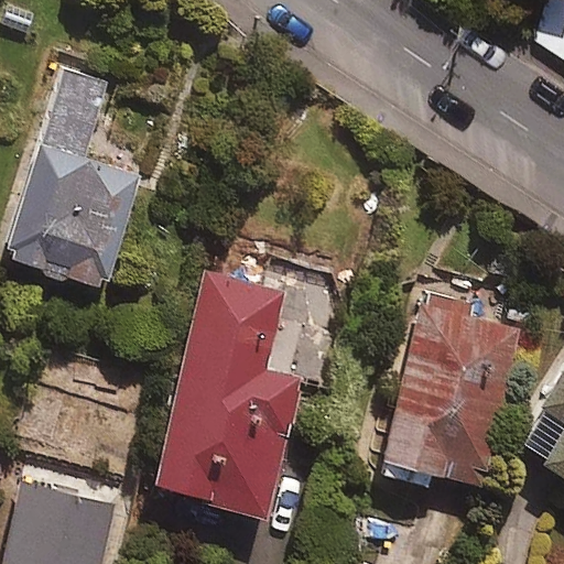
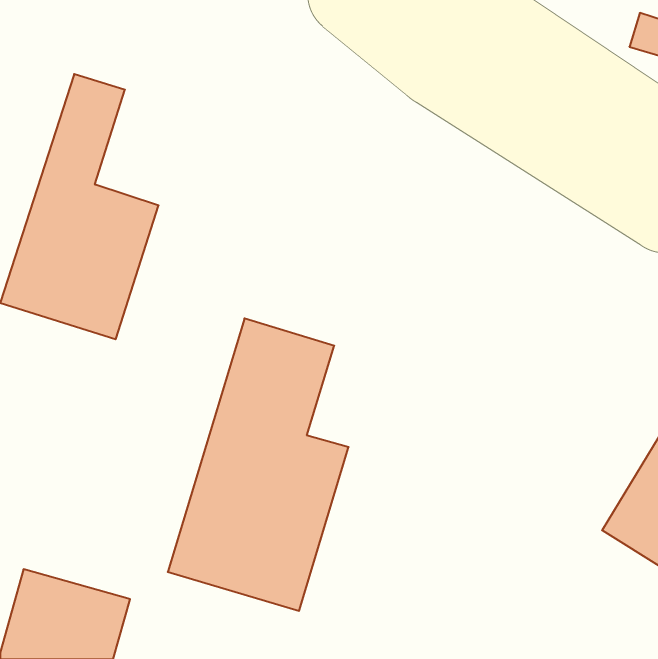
building: [377,299,524,487] -> none

